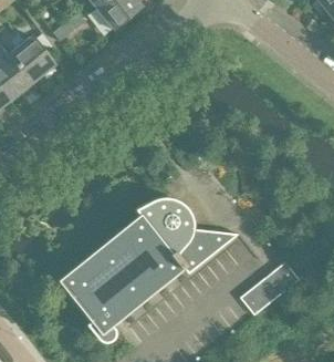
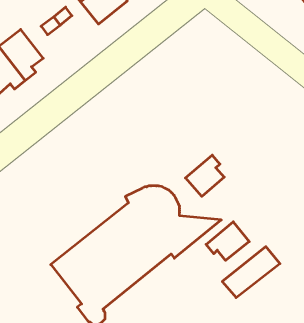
building: none -> [185,155,224,196]
building: none -> [206,222,249,260]

